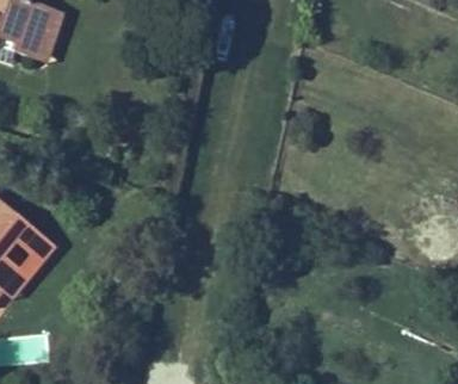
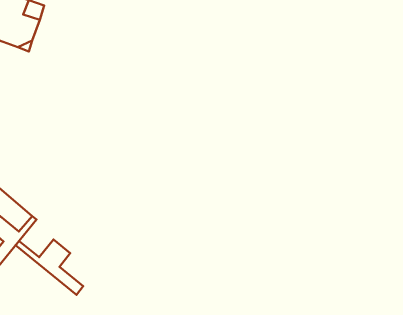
building: none -> [16,239,83,295]

